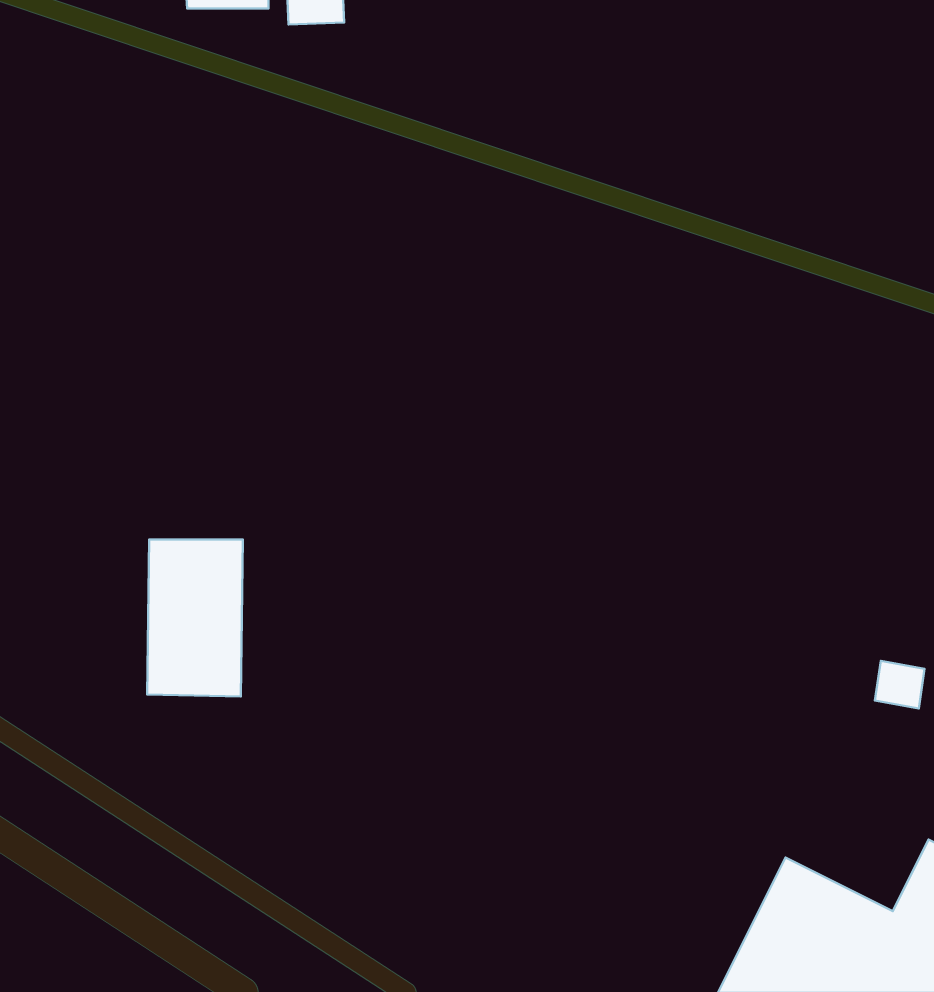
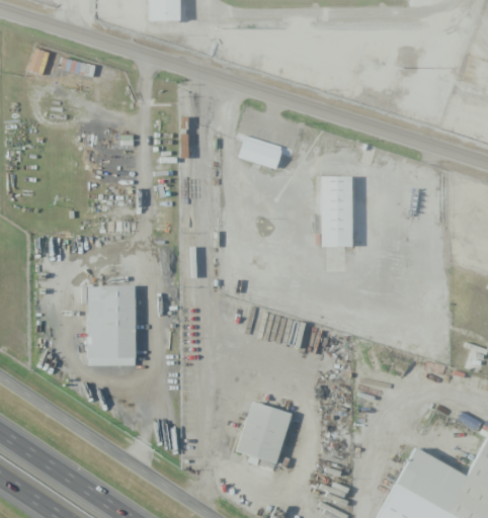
building: none -> [242,141,287,171]
building: none -> [328,180,354,249]
building: none -> [239,404,295,467]

